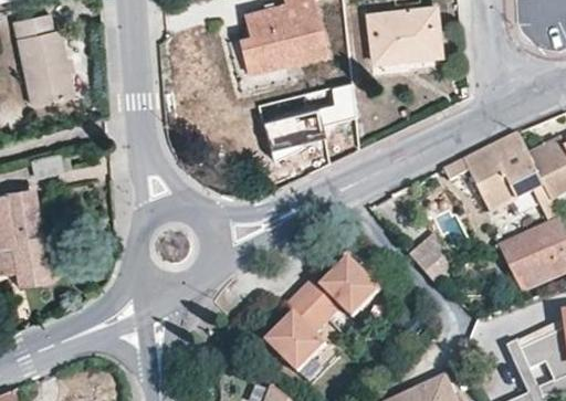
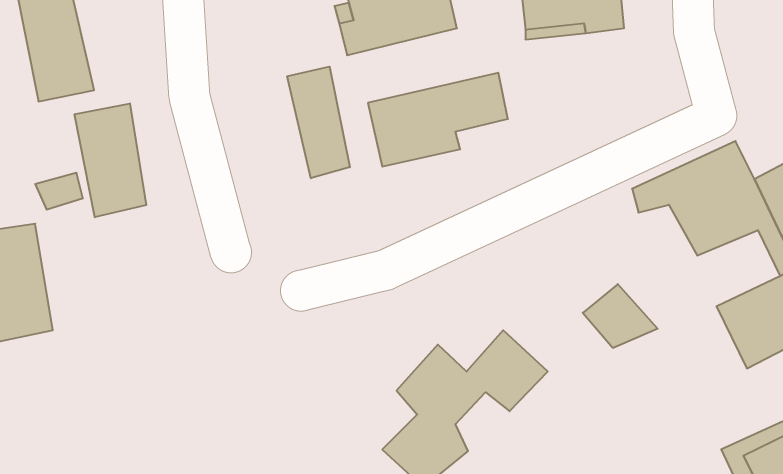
building: none -> [287,67,350,178]
building: none -> [75,103,146,217]

